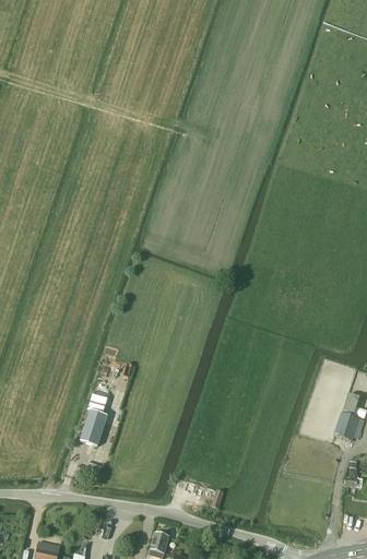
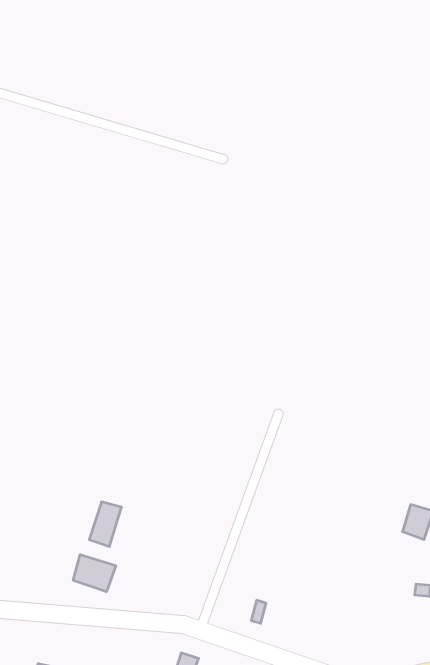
building: none -> [73,555,116,592]

